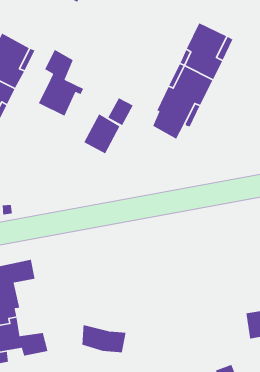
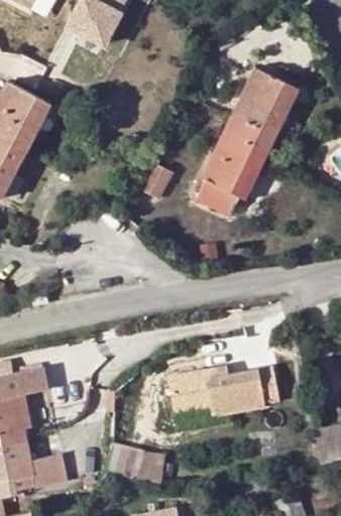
building: [38,49,84,117] -> none
building: [83,113,121,154] -> none
building: none -> [167,365,280,417]

